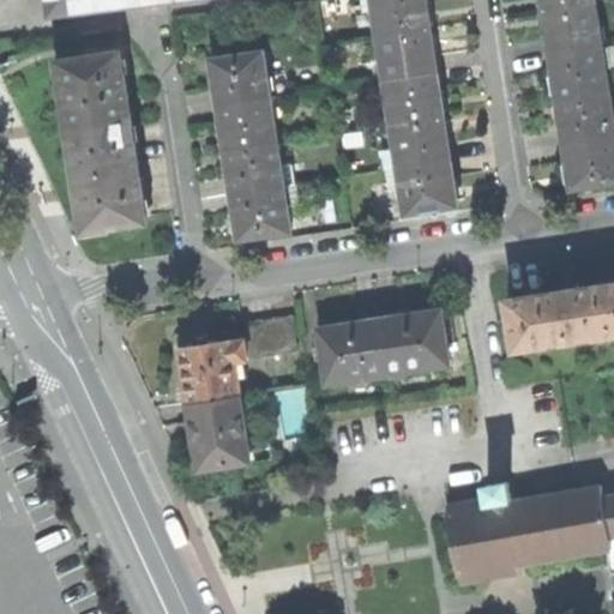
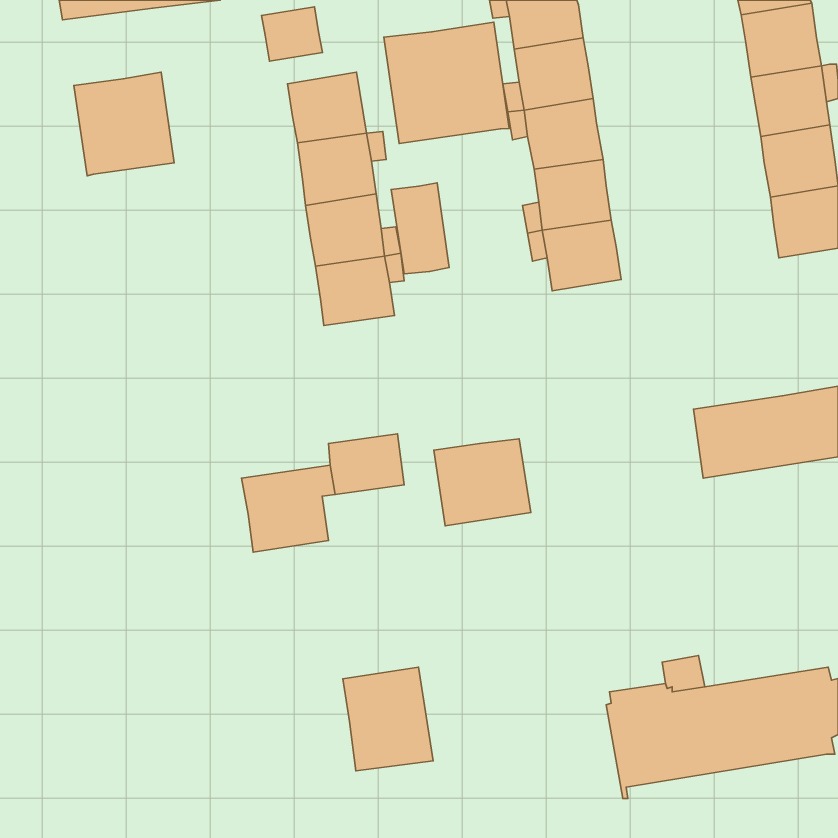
building: none -> [262,7,322,61]
building: none -> [384,22,509,144]
building: [68,120,143,231] -> none
building: none -> [391,183,449,274]
building: [379,312,447,375] -> none
building: [185,396,251,471] -> [343,667,433,771]

